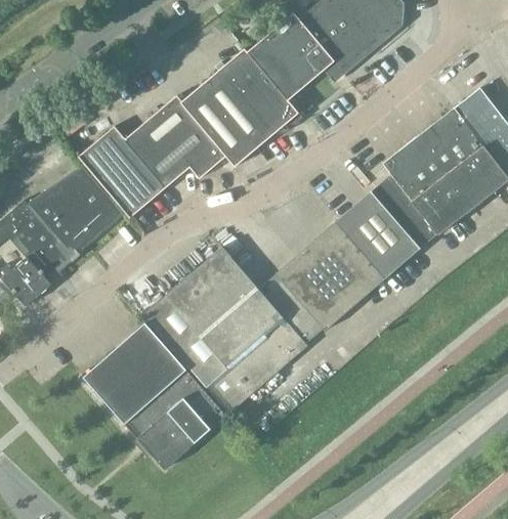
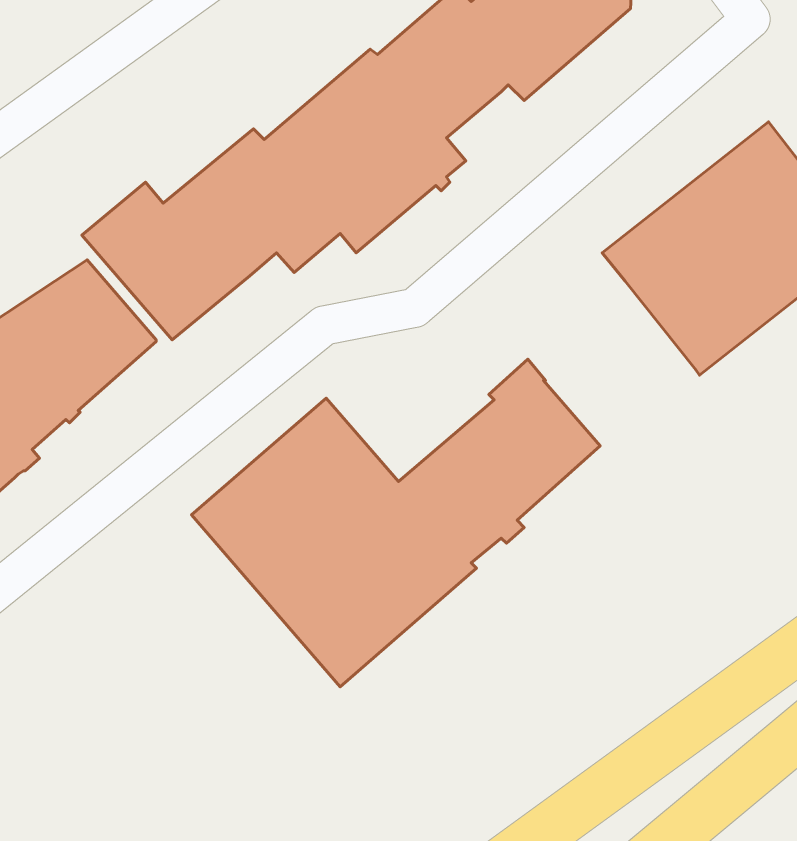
building: [339,179,436,274] -> none
building: [85,323,227,470] -> none

